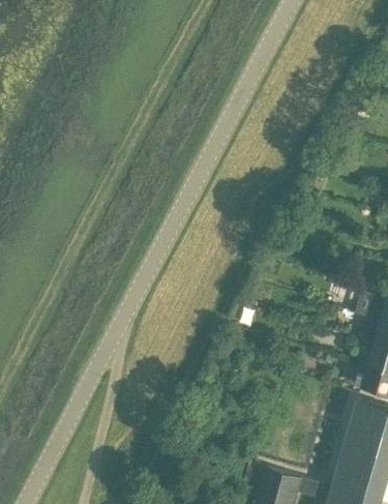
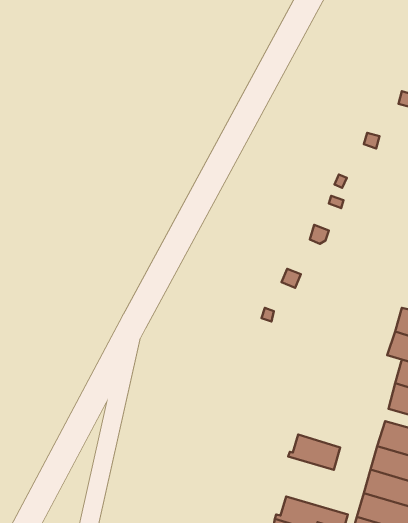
building: none -> [288,435,340,470]

